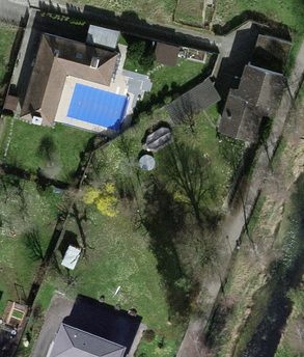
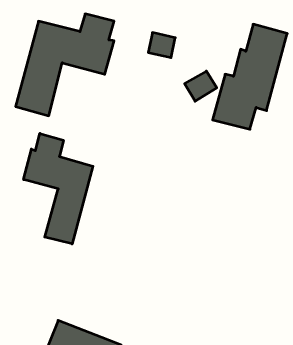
building: none -> [24,133,93,244]

